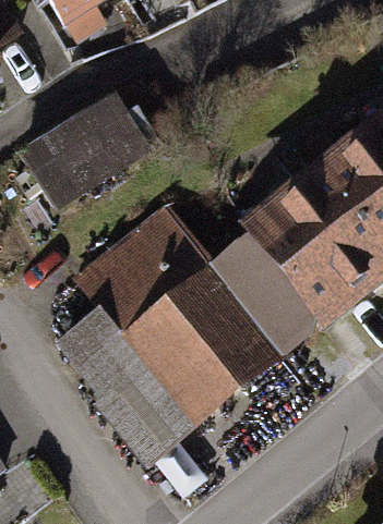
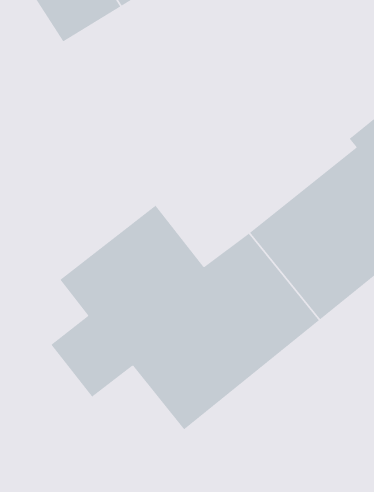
building: [27,102,159,221] -> none
building: [95,358,195,463] -> none

